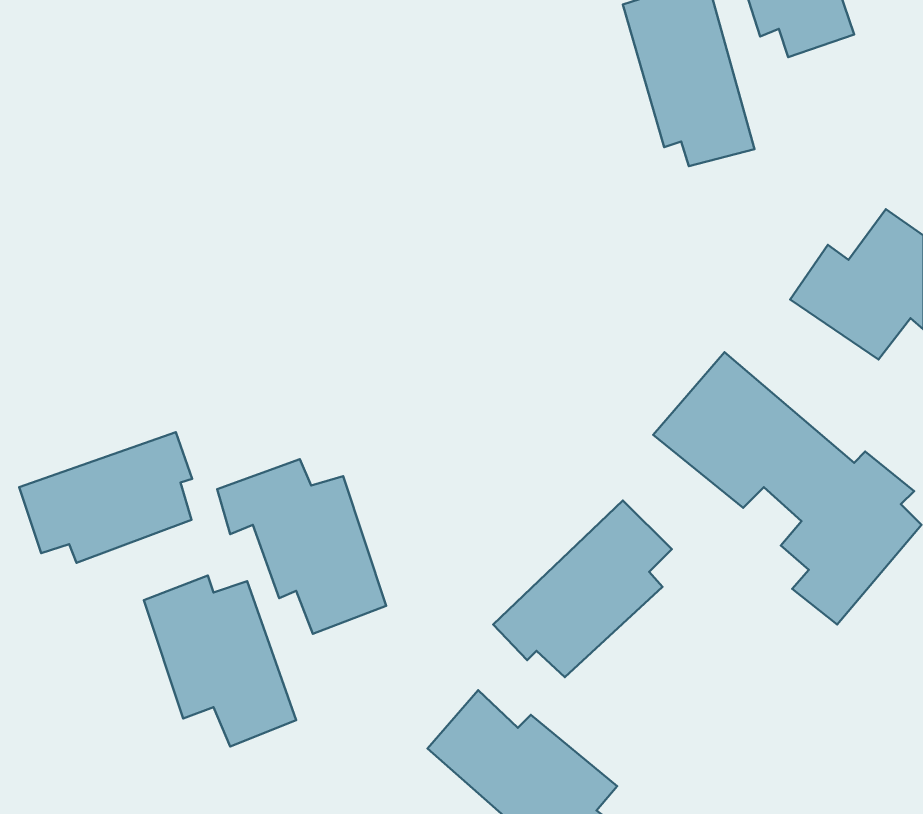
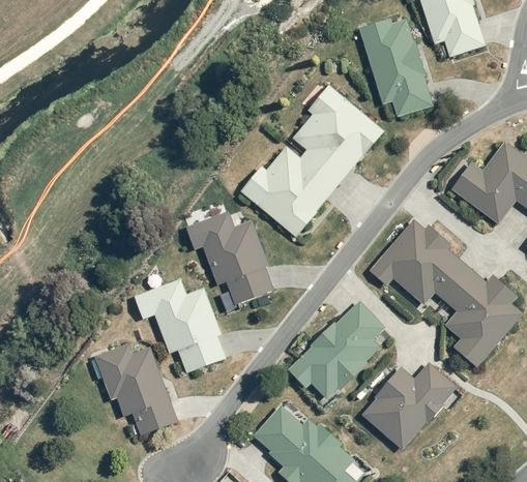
building: none -> [244,83,384,239]
building: none -> [185,210,273,304]
building: [19,432,192,563] -> none
building: none -> [361,361,457,449]

